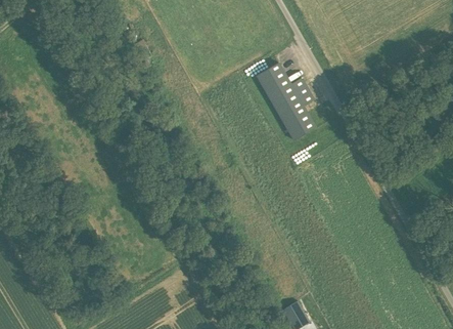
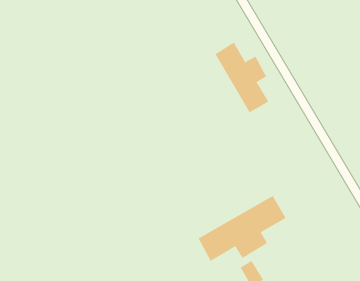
building: none -> [198,195,286,262]

